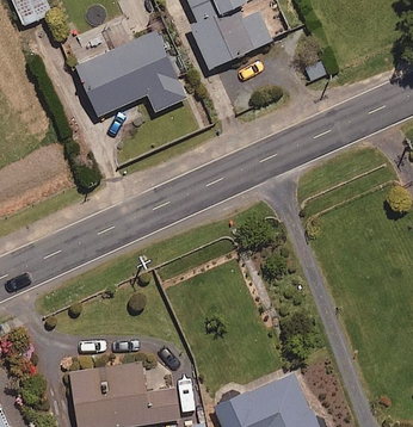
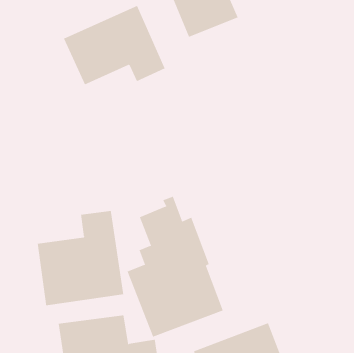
building: none -> [127,196,223,338]
building: none -> [37,210,124,306]

